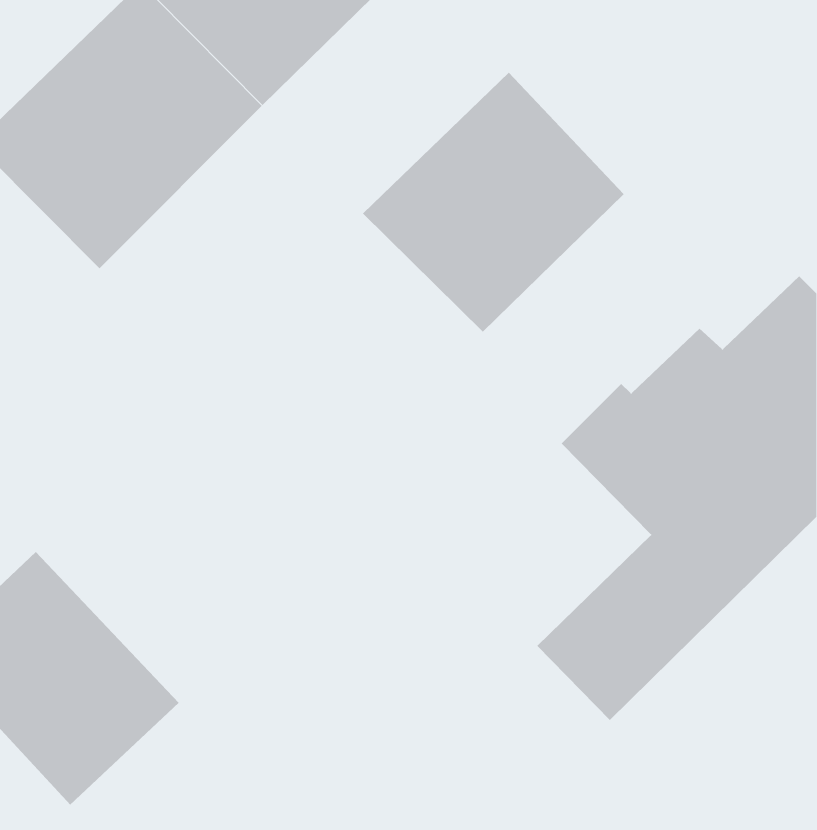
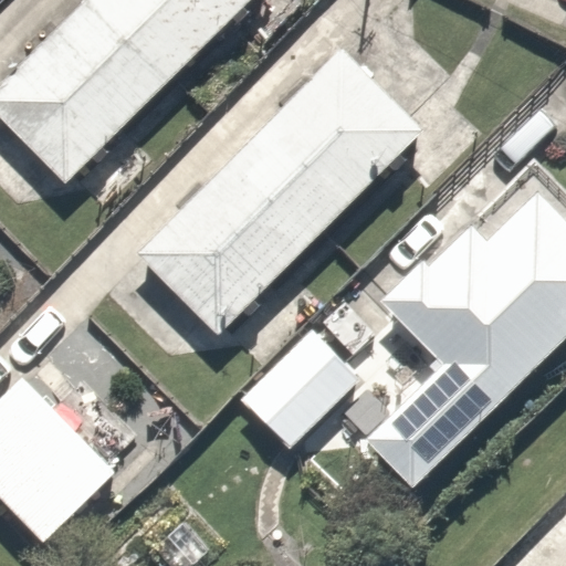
building: none -> [138,145,327,333]
building: none -> [221,325,342,446]

